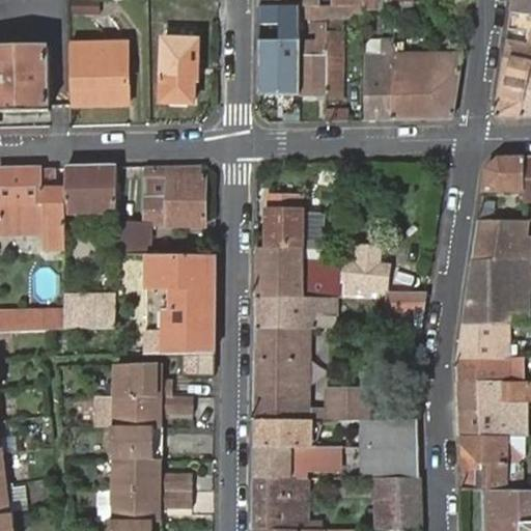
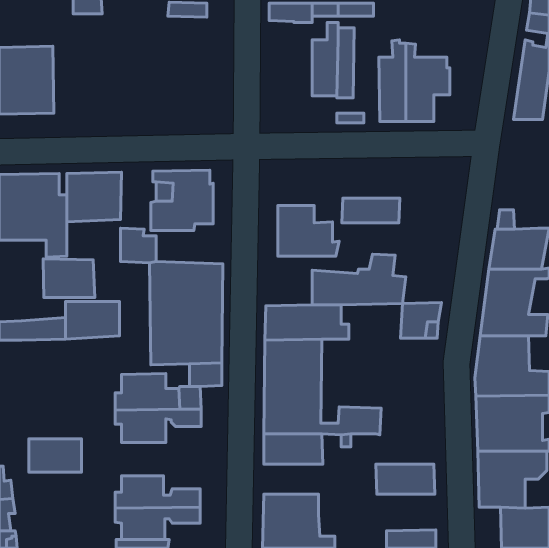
building: [258,38,301,92] -> none
building: [161,39,197,102] -> none
building: [68,40,125,102] -> none
building: [418,55,460,117] -> none
building: [483,157,525,191] -> none
building: none -> [342,198,400,223]
building: [256,247,301,295] -> none
building: none -> [43,259,95,297]
building: [362,418,418,447] -> none
building: [113,426,164,458] -> [29,439,81,472]
building: [254,447,336,476] -> none
building: [371,476,420,511] -> none

